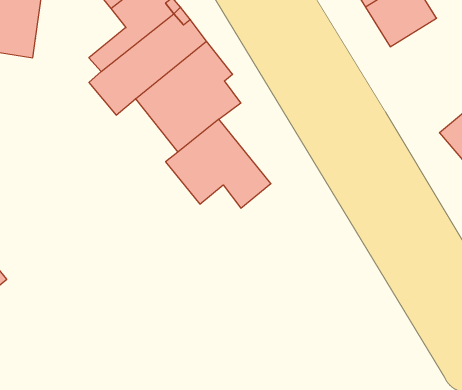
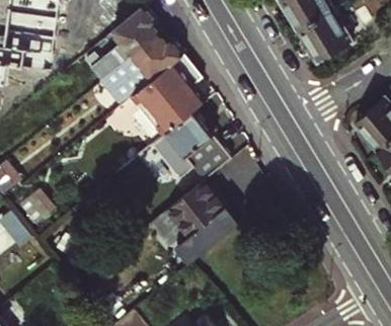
building: none -> [159,180,238,251]

